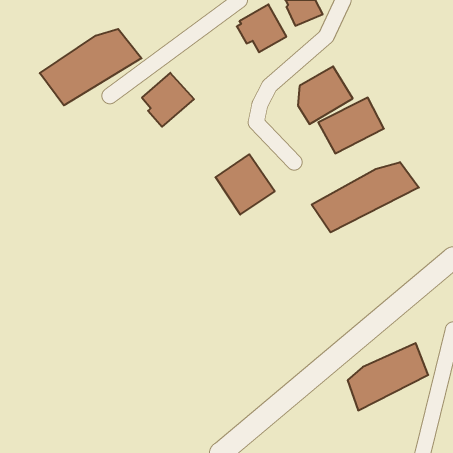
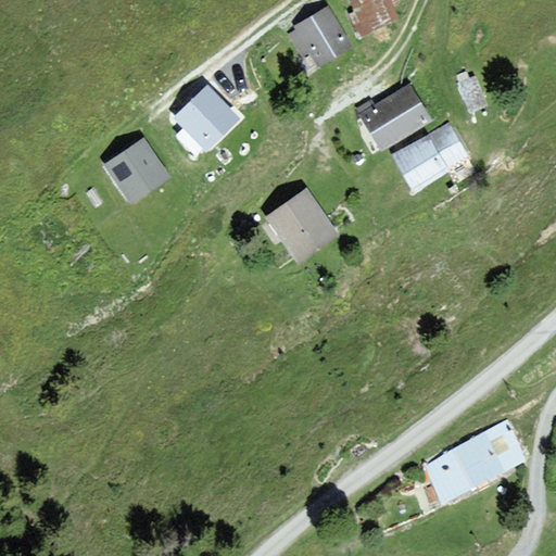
building: [40,29,142,105] -> none
building: none -> [106,141,165,201]
building: [312,162,419,232] -> none

